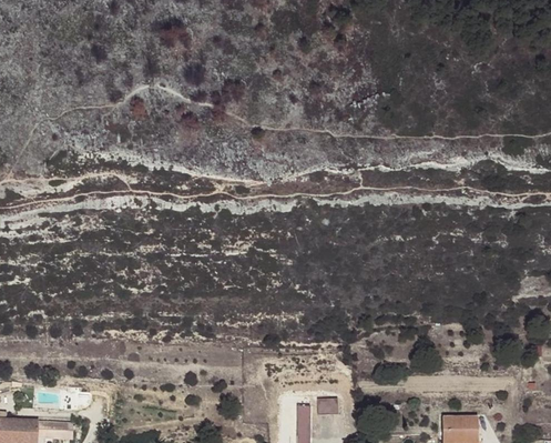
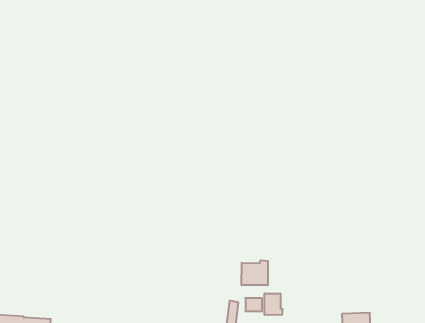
building: none -> [242,260,268,285]
building: none -> [265,293,282,315]

